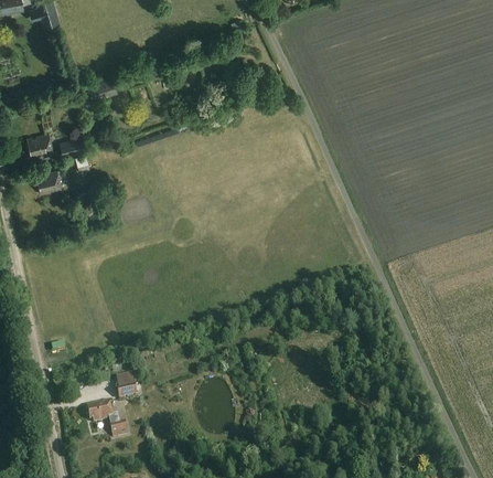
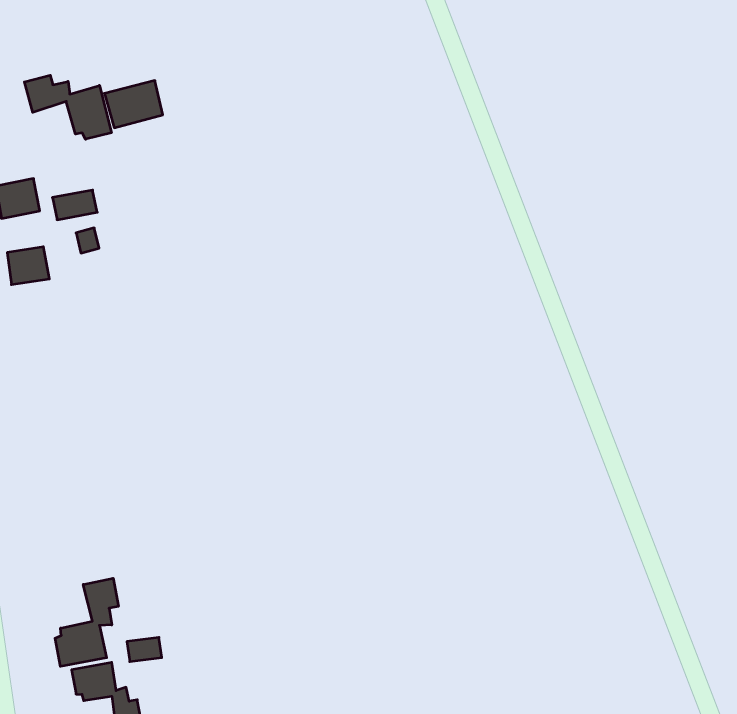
building: none -> [24,75,111,139]
building: none -> [55,578,118,666]

